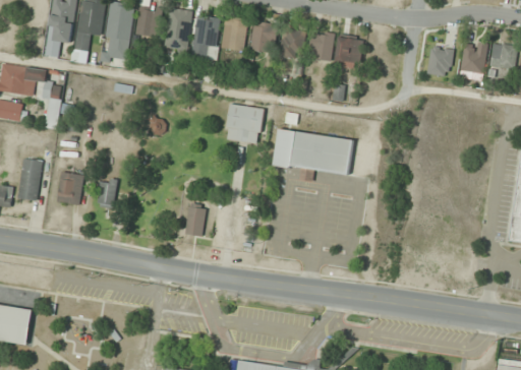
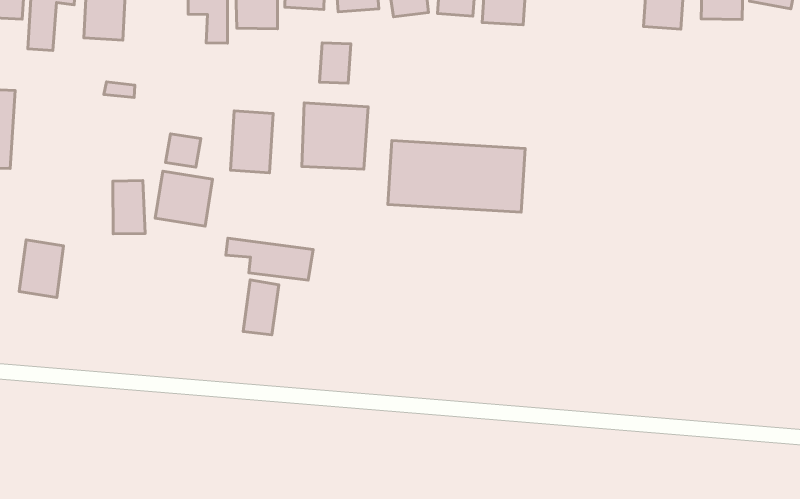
building: none -> [320,43,351,83]
building: none -> [230,111,273,173]
building: none -> [155,171,213,226]
building: [96,178,115,209] -> [113,181,145,234]
building: none -> [226,238,313,280]

